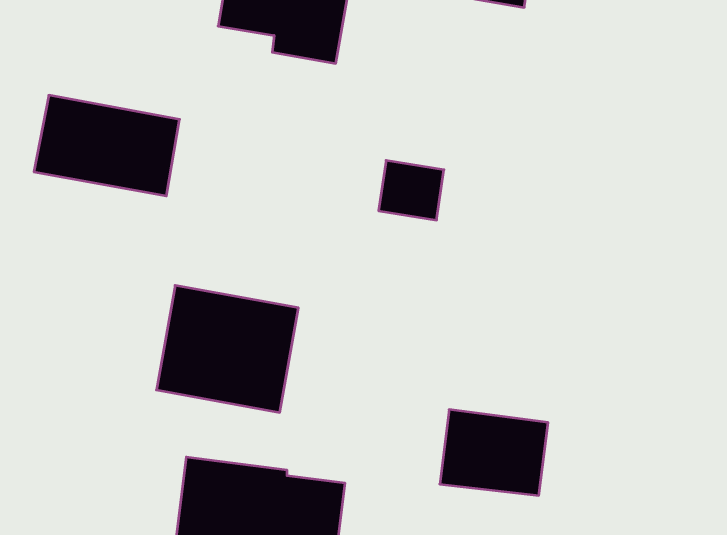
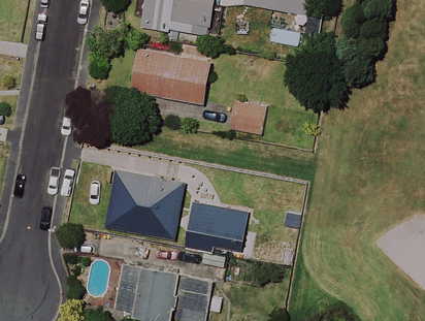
building: [34,95,180,196] -> [130,47,210,103]
building: [440,410,548,495] -> [187,202,247,250]

